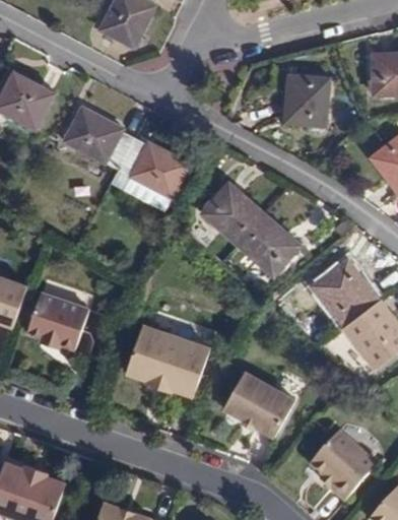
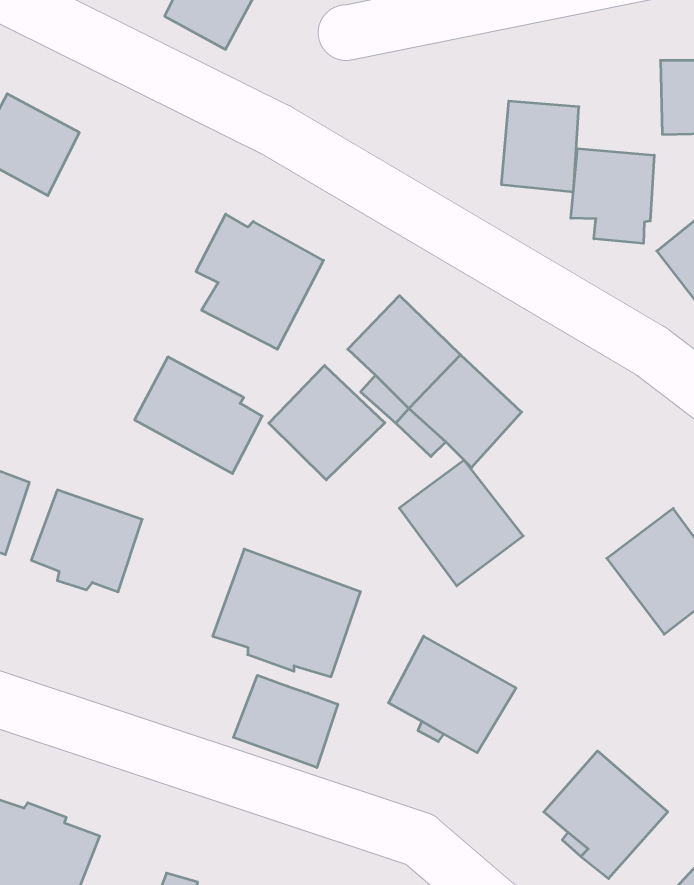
building: none -> [571,149,654,243]
building: [64,106,134,170] -> [135,357,262,474]
building: none -> [269,365,385,480]
building: [312,258,380,327] -> [399,460,523,586]
building: none -> [233,675,338,768]

